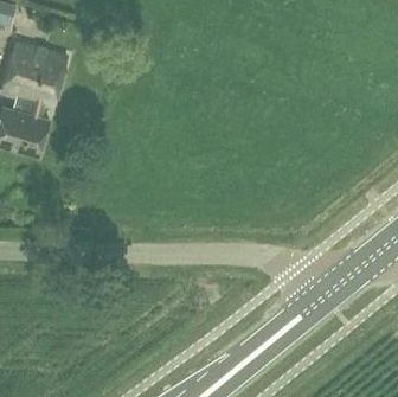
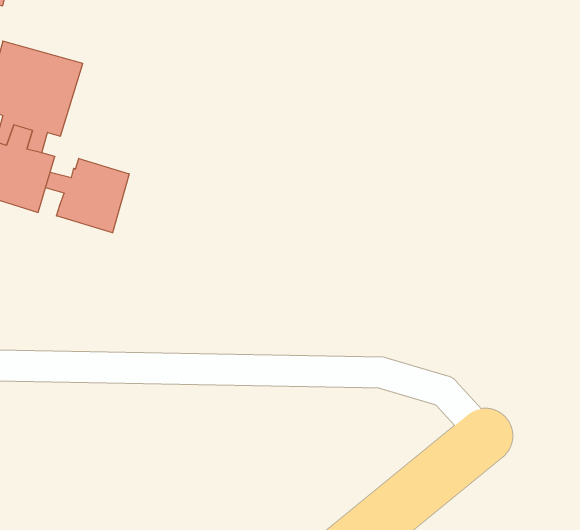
building: none -> [46,158,129,233]

